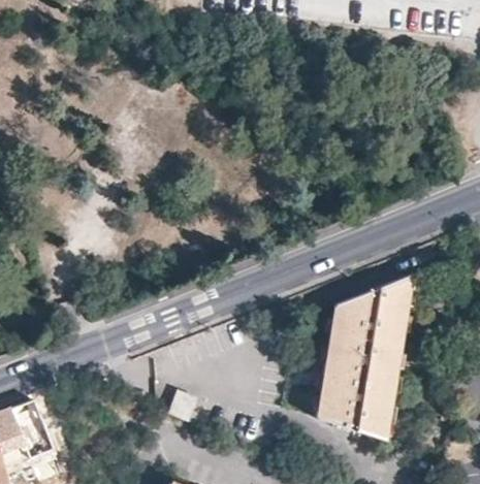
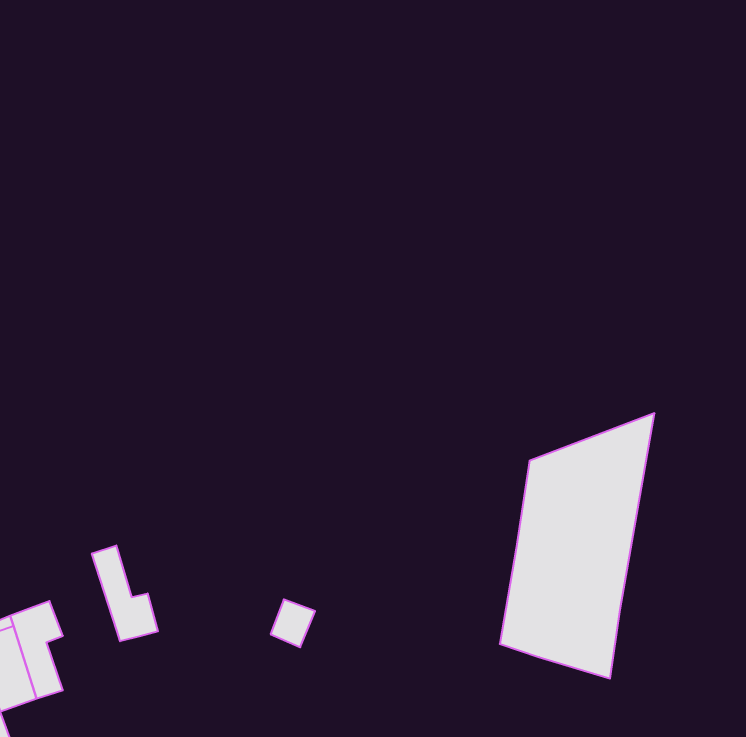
building: none -> [92,545,158,641]

